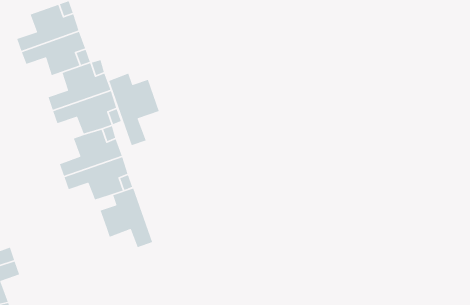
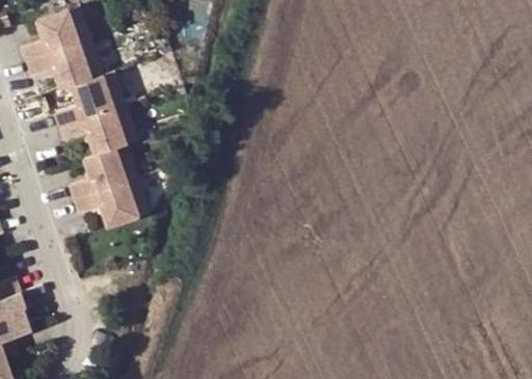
building: [108,72,160,146] -> none
building: [99,188,153,248] -> none

